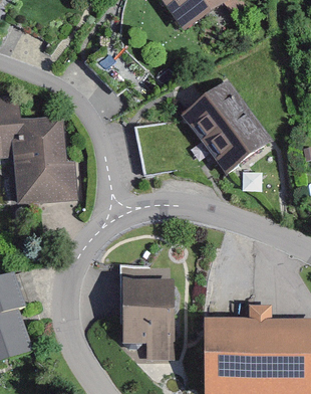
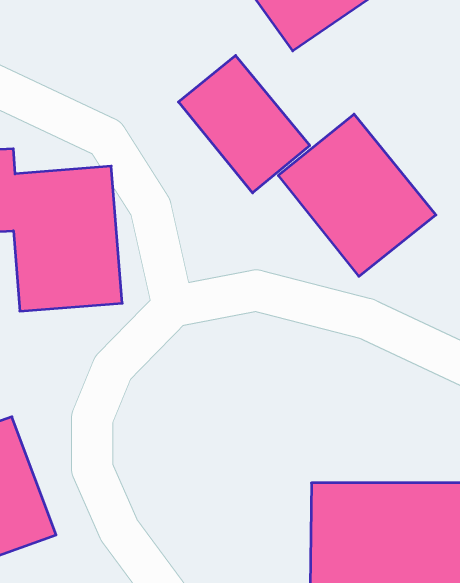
building: none -> [178,55,310,193]
building: [120,269,180,342] -> none

